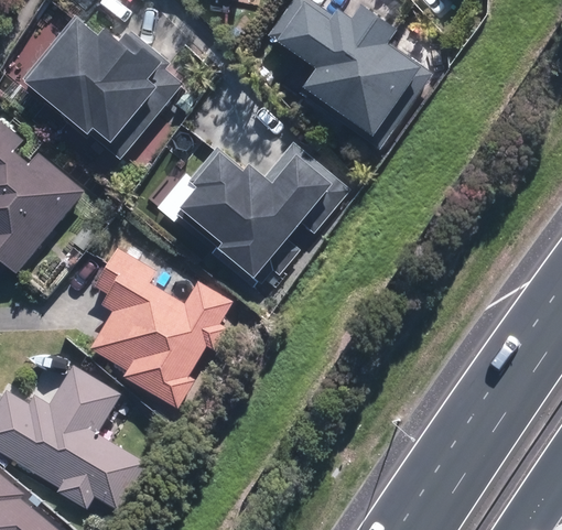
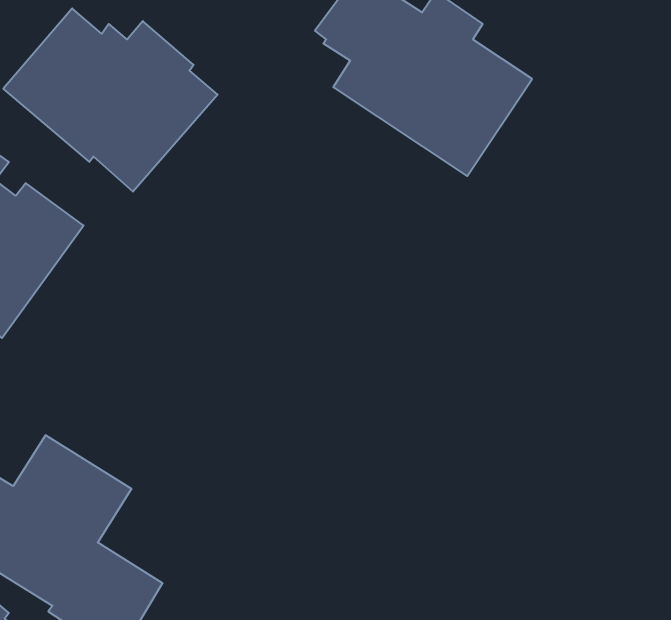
building: [177,141,347,290] -> none
building: [89,246,233,408] -> none

